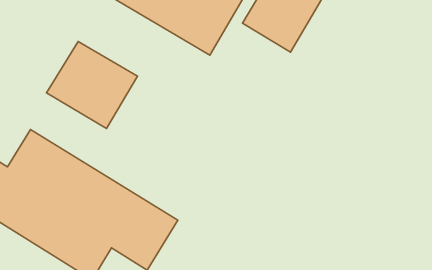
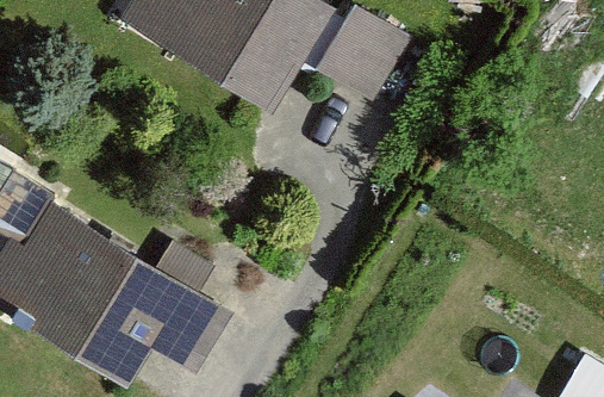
building: [47,42,137,128] -> none

